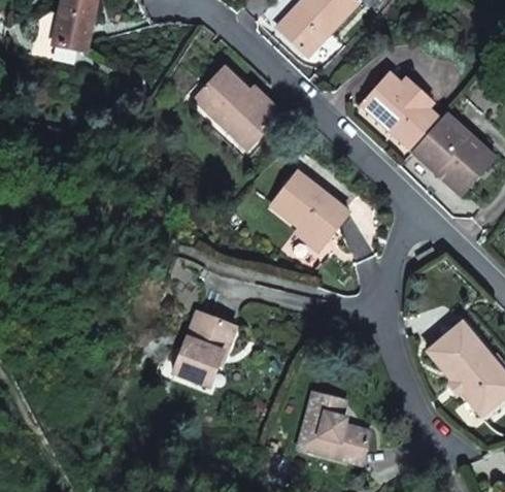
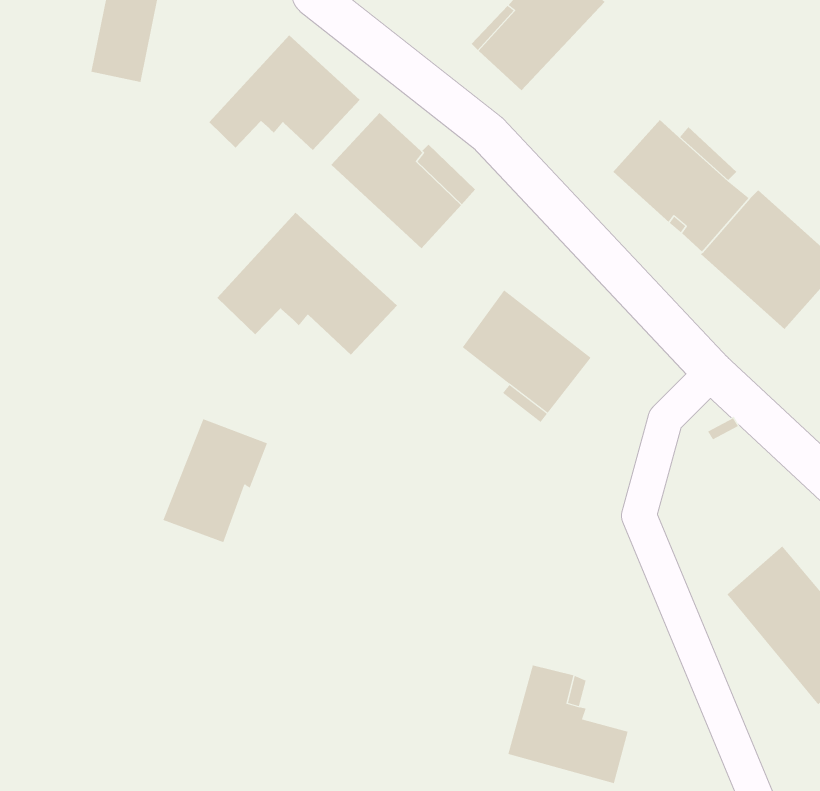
building: none -> [208,35,361,151]
building: none -> [216,212,398,355]
building: [173,313,235,386] -> [163,418,268,543]

